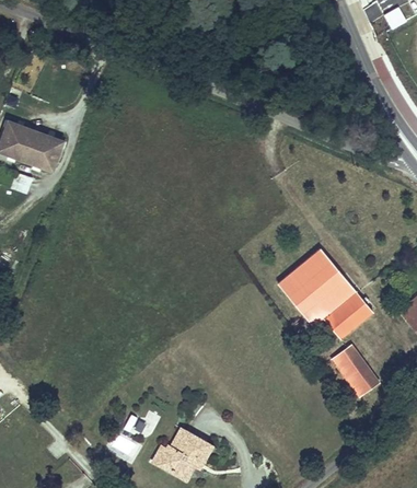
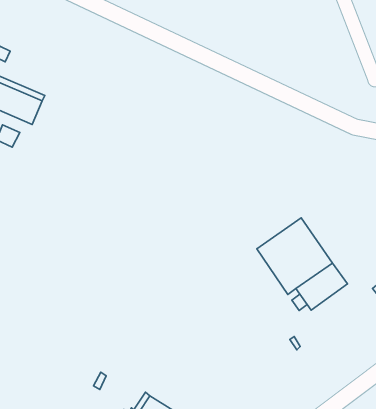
building: [332,346,380,397] -> none

